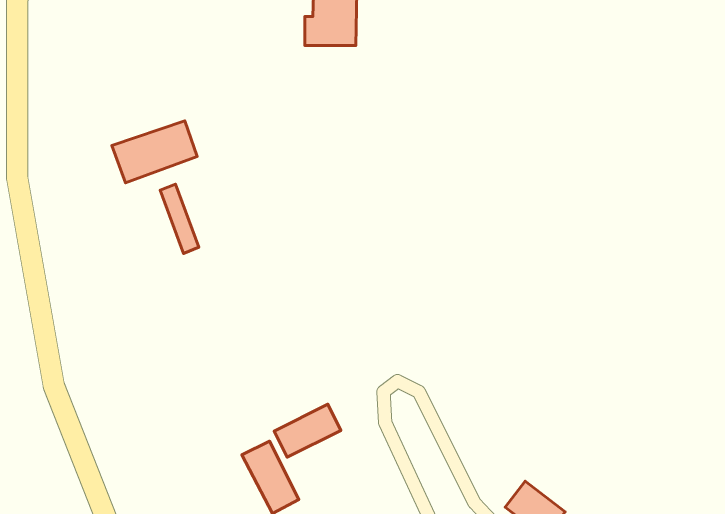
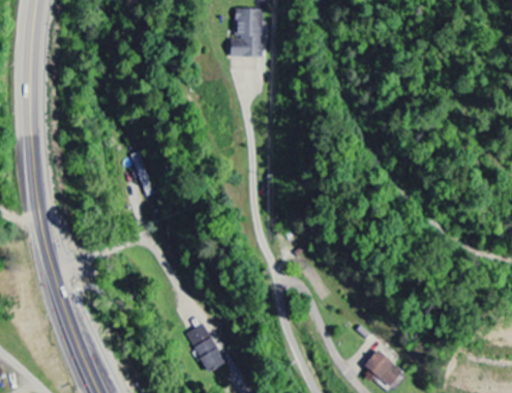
building: [112,121,197,183] -> none
building: [274,404,341,457] -> none

